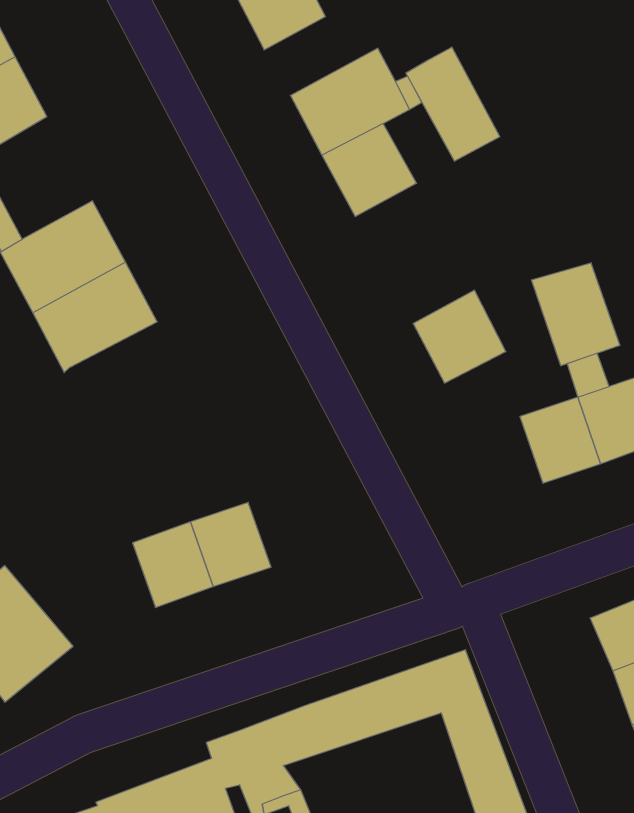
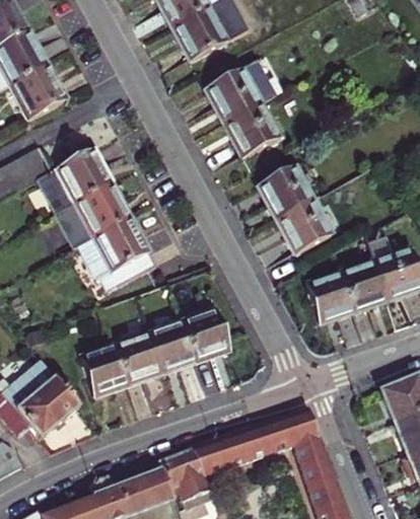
building: [406,47,500,161] -> none
building: none -> [258,165,312,219]
building: [531,263,620,366] -> none
building: none -> [78,218,155,292]
building: none -> [304,273,352,323]
building: none -> [182,310,229,360]
building: none -> [80,346,128,395]

